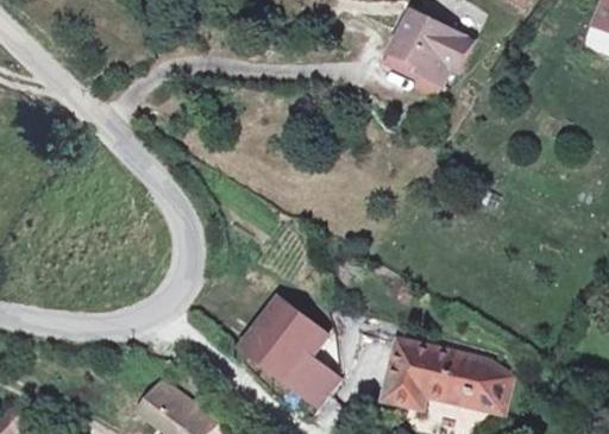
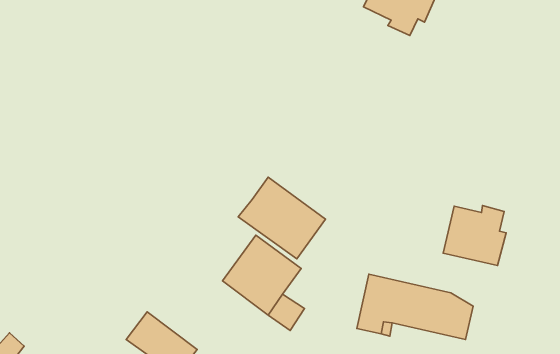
building: none -> [238,177,326,259]
building: none -> [443,206,506,265]

